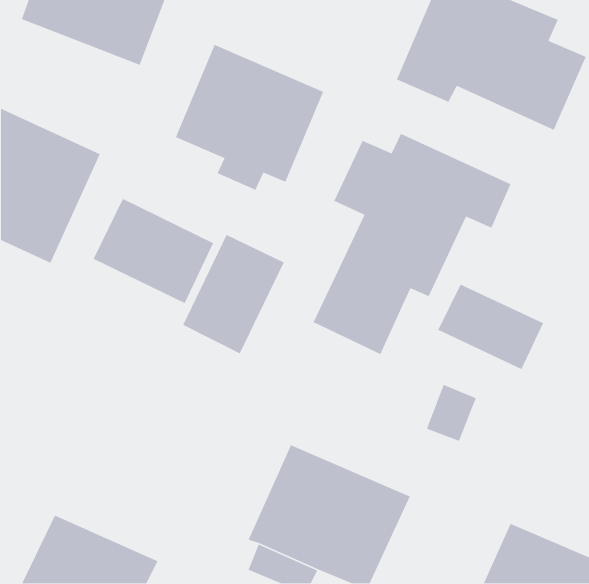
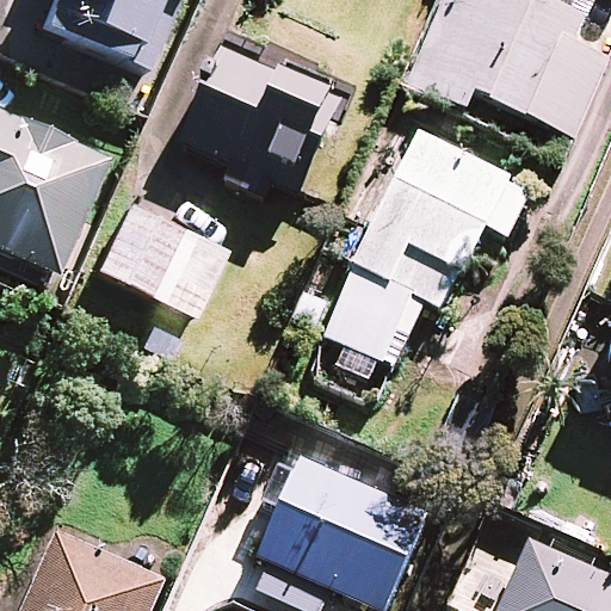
building: [182,234,285,354] -> none
building: [437,284,544,370] -> none

